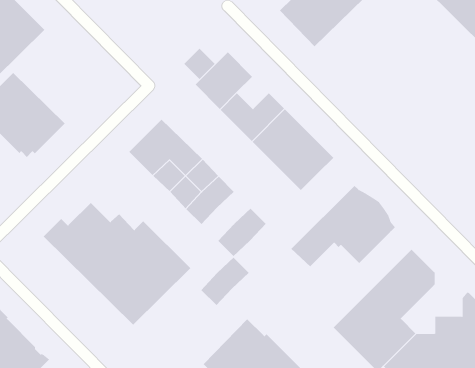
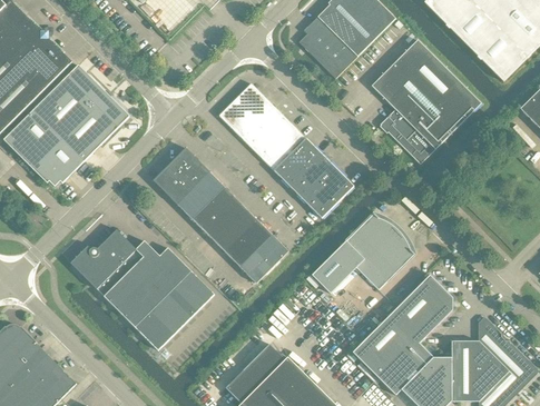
building: none -> [371,39,480,164]
building: none -> [40,65,128,152]
building: [184,48,216,80] -> [258,107,289,138]
building: [200,257,250,306] -> [224,219,272,267]

